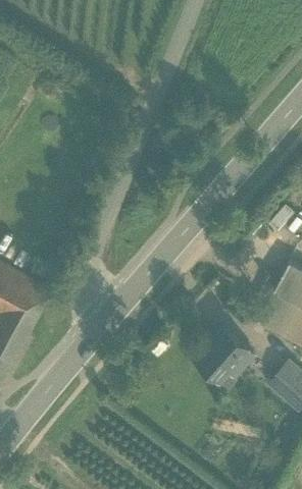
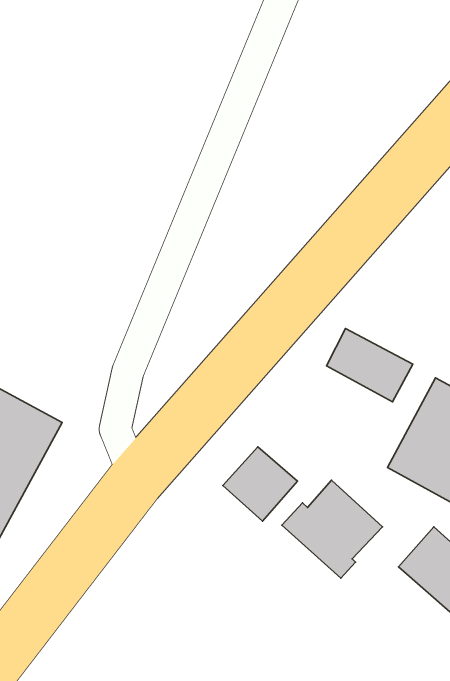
building: none -> [326,328,413,402]
building: none -> [223,447,297,521]

